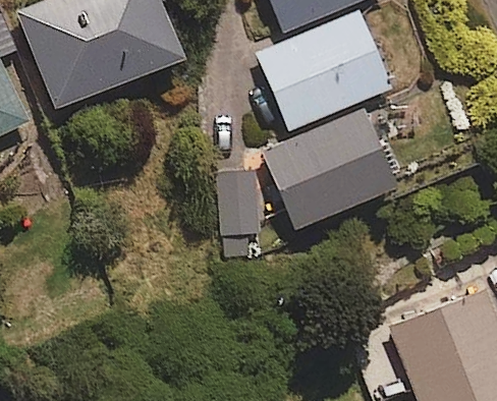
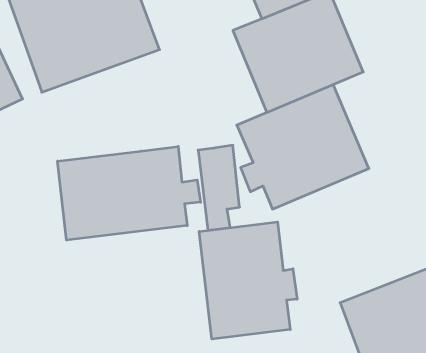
building: none -> [58,146,201,240]
building: none -> [199,222,297,339]

